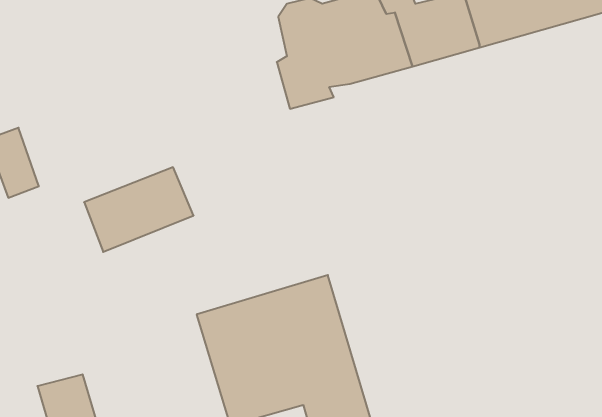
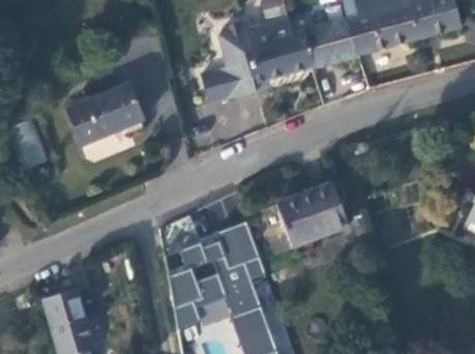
building: [84,167,194,252] -> [65,86,143,146]
building: none -> [275,181,348,244]

